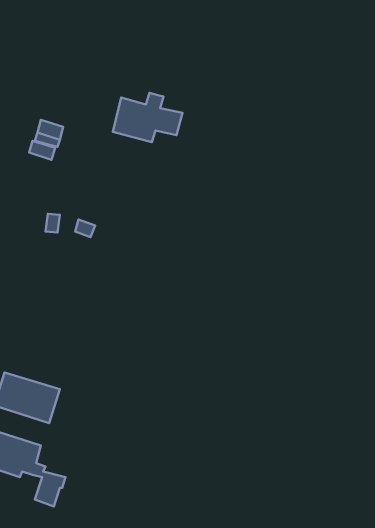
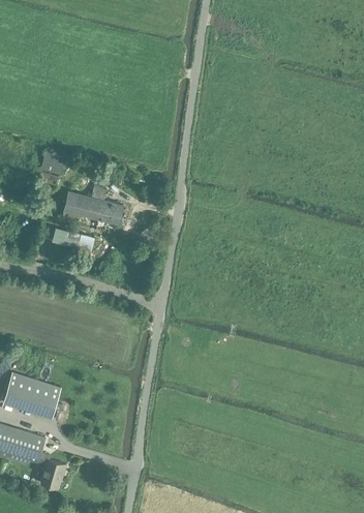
building: [113,93,182,142] -> [62,186,123,230]

